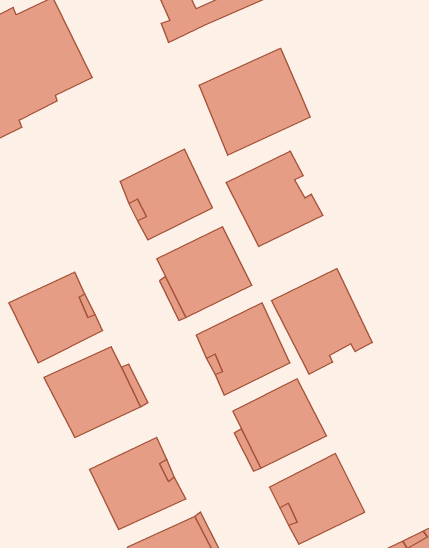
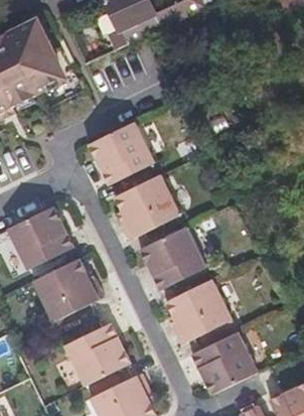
building: [199,48,310,155] -> none
building: [226,151,323,247] -> none
building: [271,269,372,374] -> none

